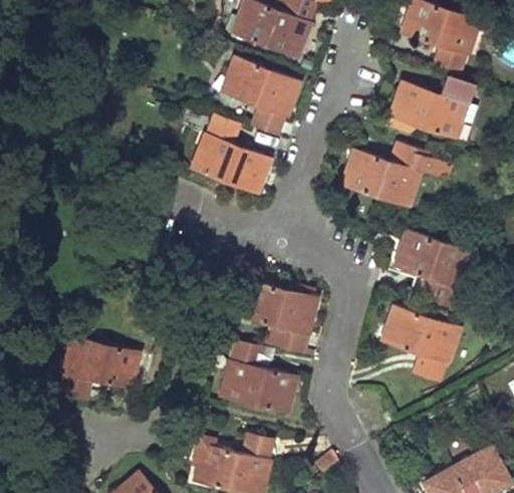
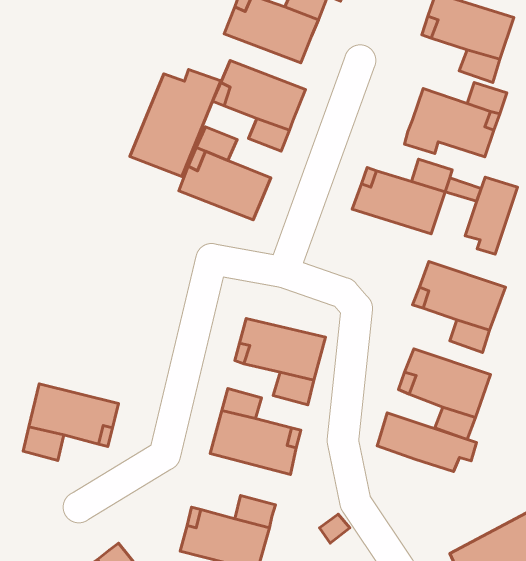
building: none -> [130,69,221,176]
building: none -> [465,177,518,254]
building: none -> [377,413,476,472]

